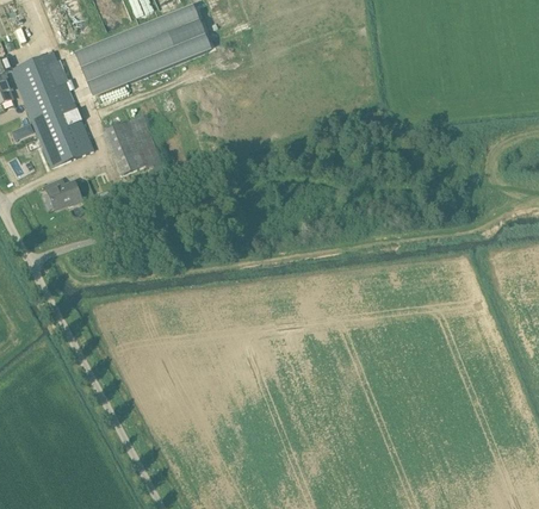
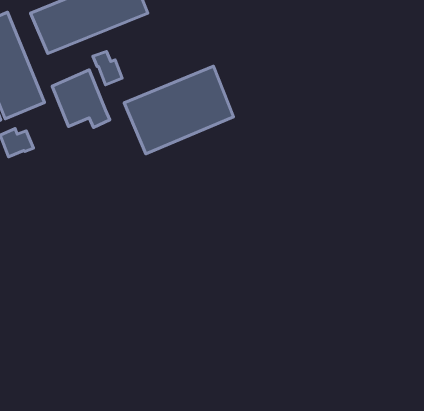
building: none -> [93,52,122,85]
building: none -> [124,66,234,154]

